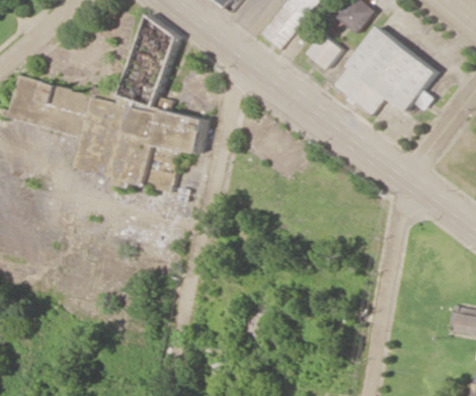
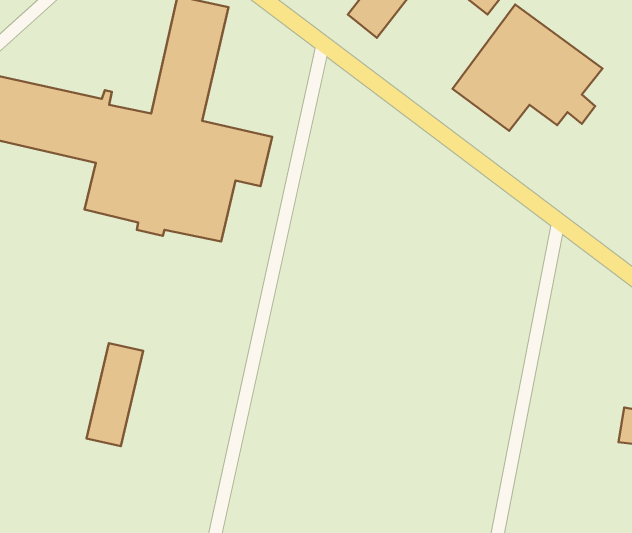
building: [309,33,343,69] -> none
building: none -> [86,343,143,446]

